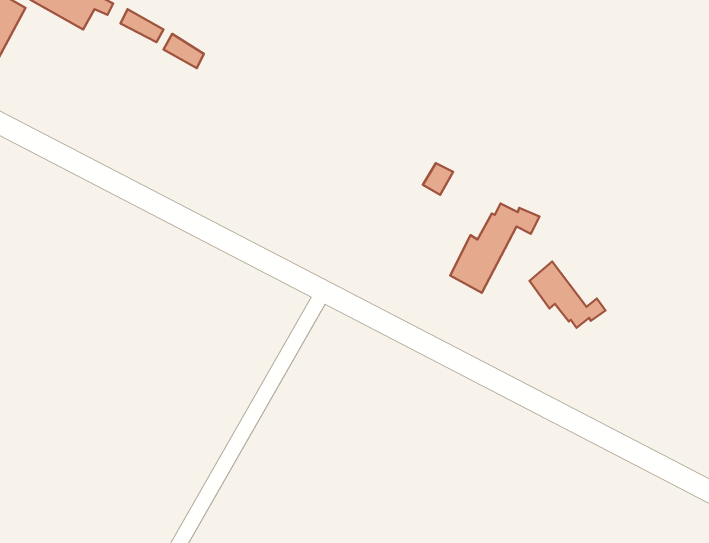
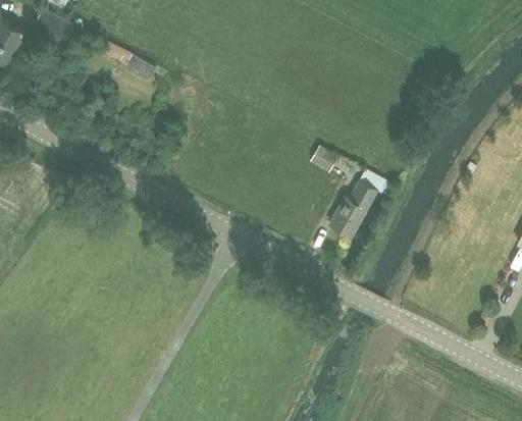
building: [529,261,606,328] -> none

